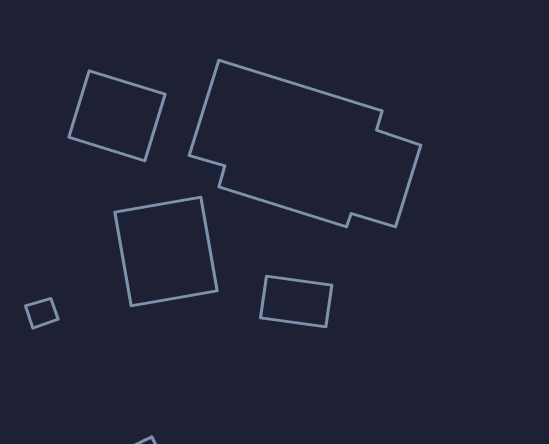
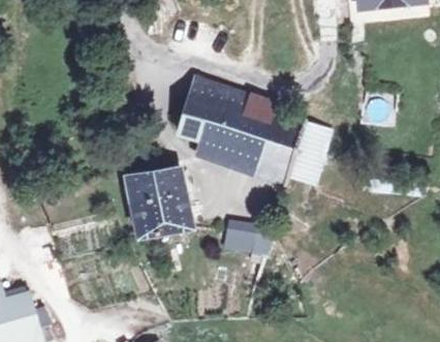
building: [69,71,165,161] -> none

